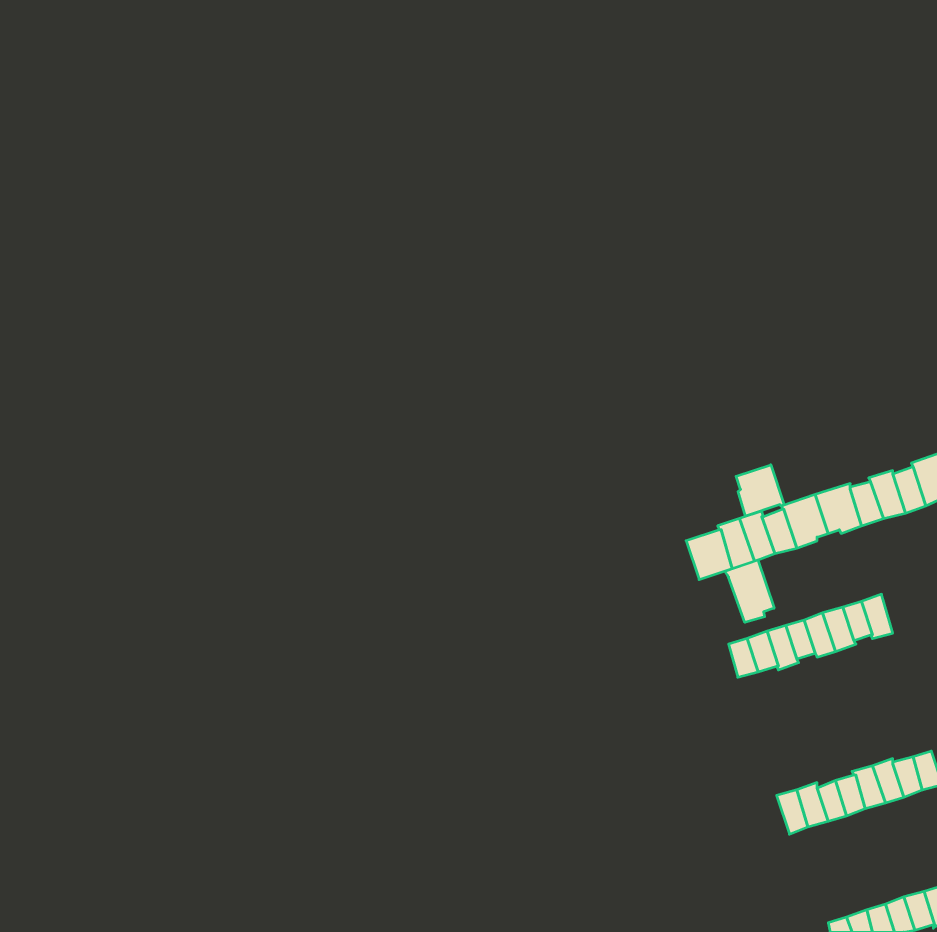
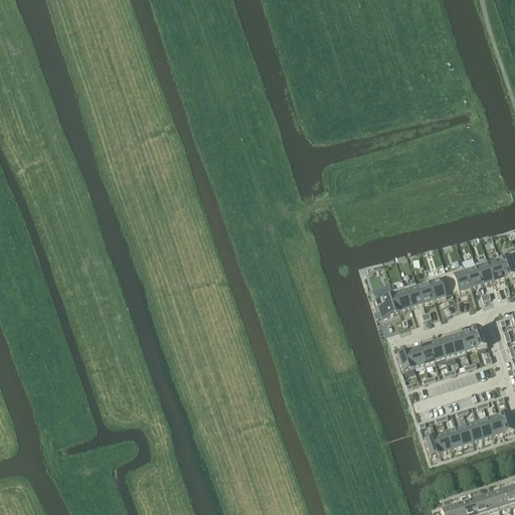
building: [736,465,784,516] -> none
building: [725,560,774,622] -> none

